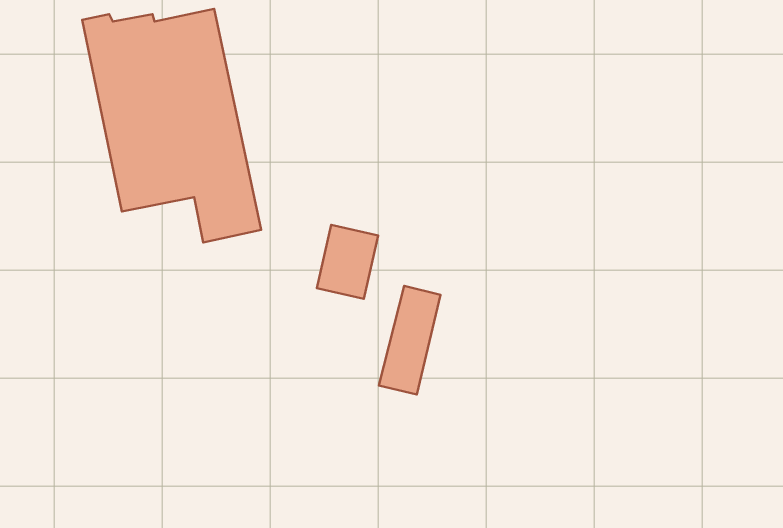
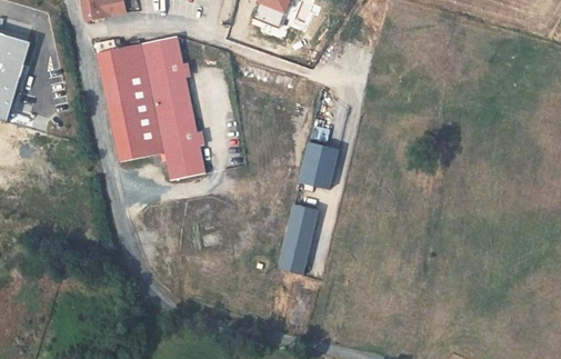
building: [317,225,378,299] -> [299,144,337,190]

